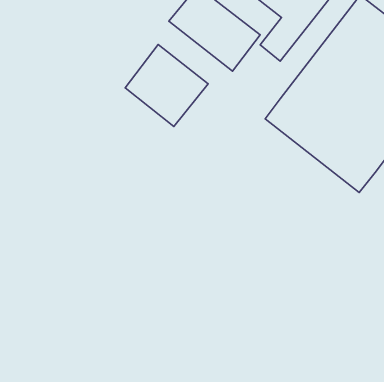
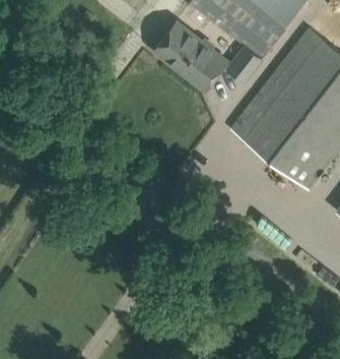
building: [125,45,208,126] -> none

